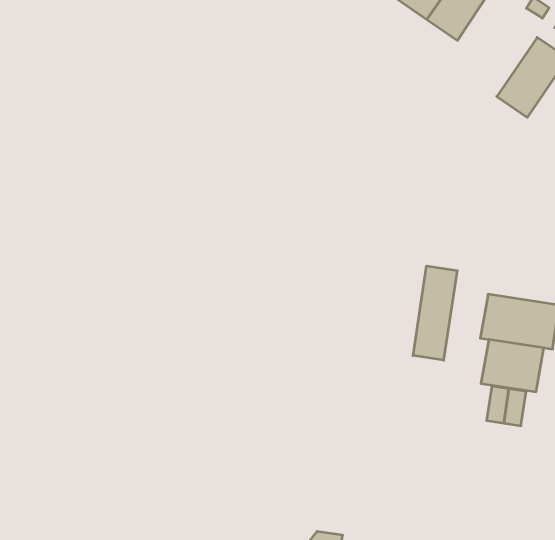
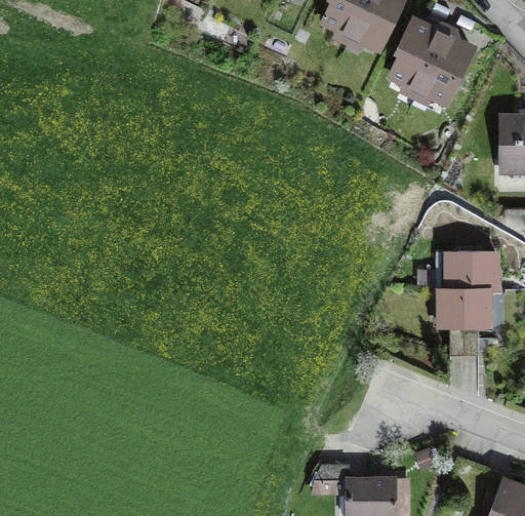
building: none -> [395,21,447,88]
building: [413,266,457,360] -> none

